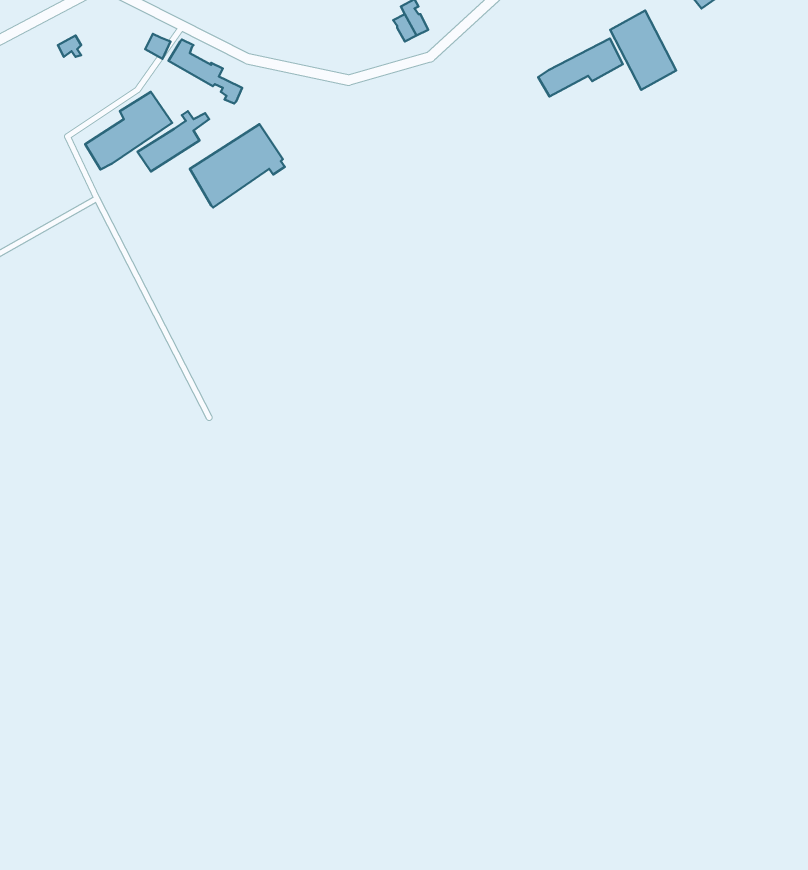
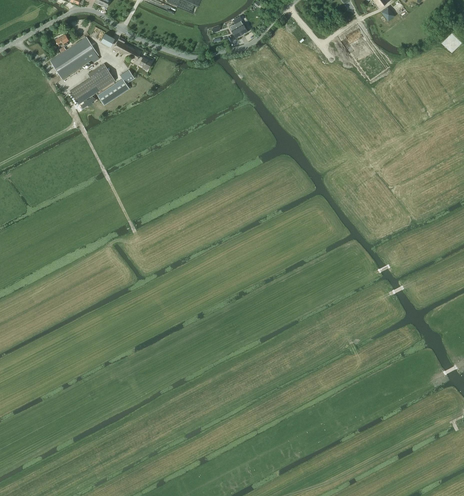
building: [538,39,623,97] -> none
building: [190,124,285,208] -> [50,36,99,79]

